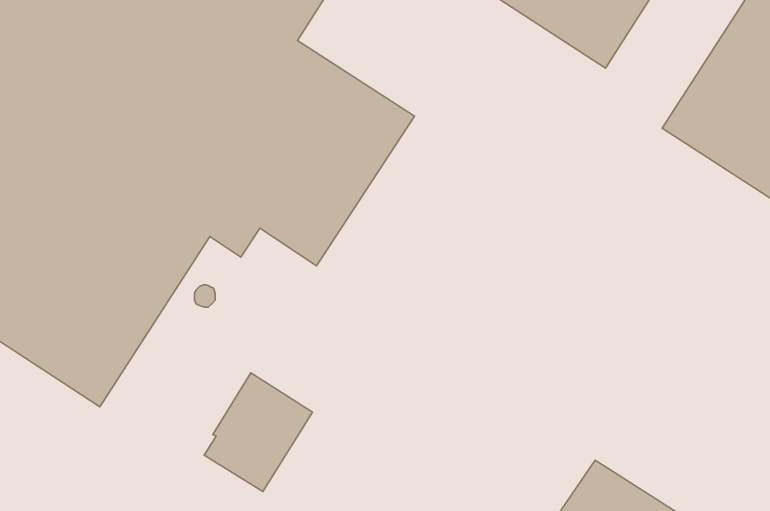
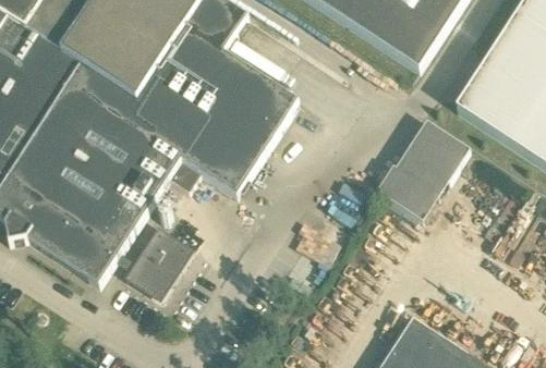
building: none -> [377,118,471,219]
building: [204,373,313,491] -> [125,219,194,294]

